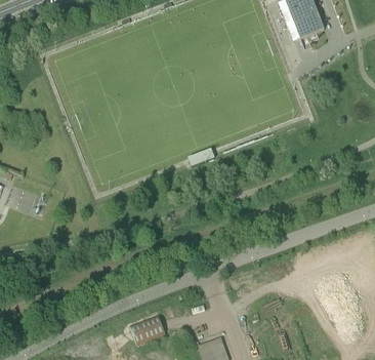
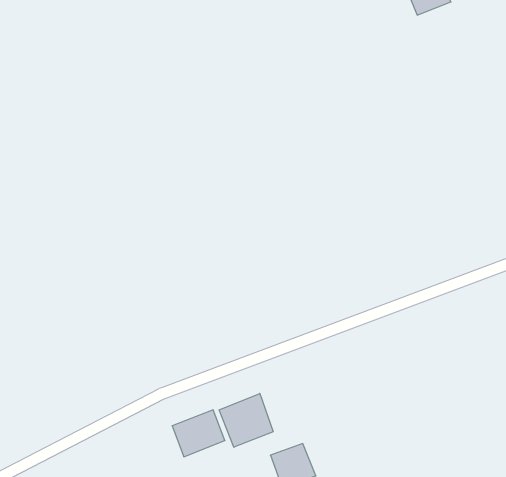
building: none -> [219,393,273,447]

